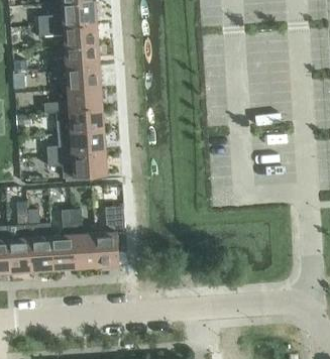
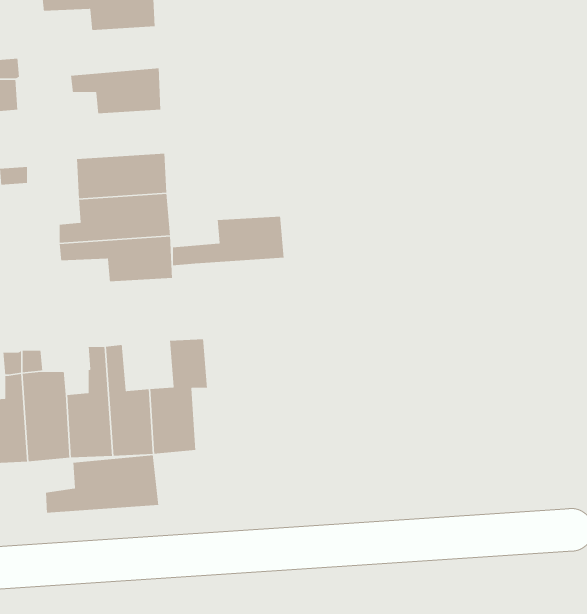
building: [52,44,100,70] -> none
building: [44,88,103,114] -> [172,216,285,266]
building: none -> [45,454,159,513]

